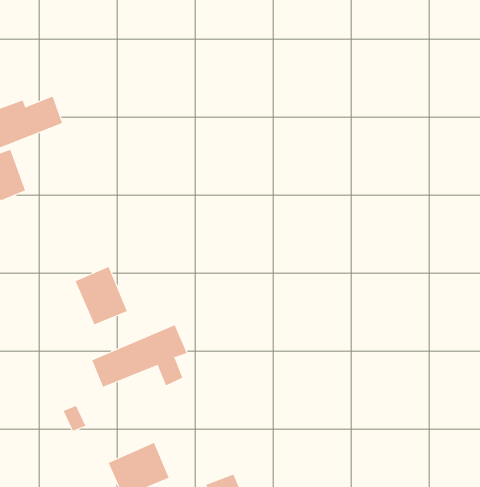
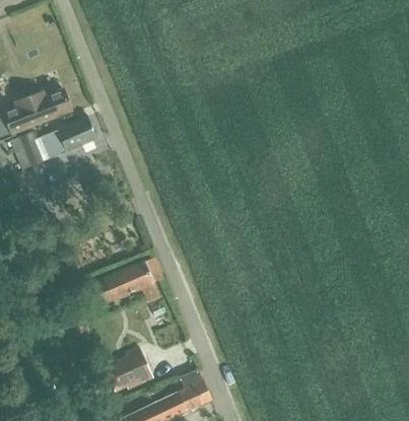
building: none -> [43,118,97,157]
building: [75,266,127,325] -> none

